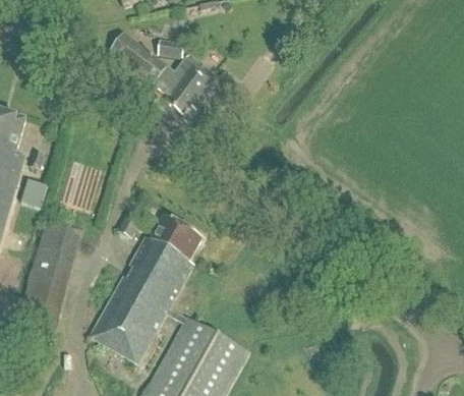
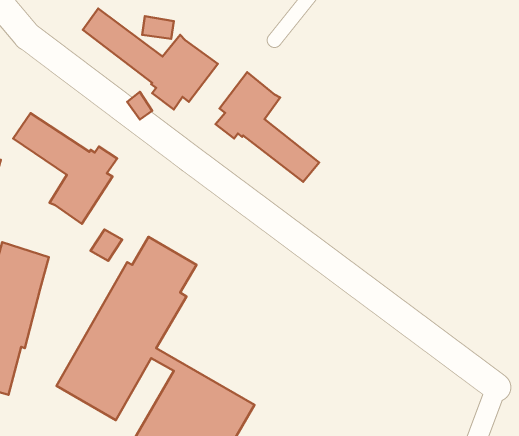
building: none -> [216,72,319,182]
building: none -> [13,113,117,224]

